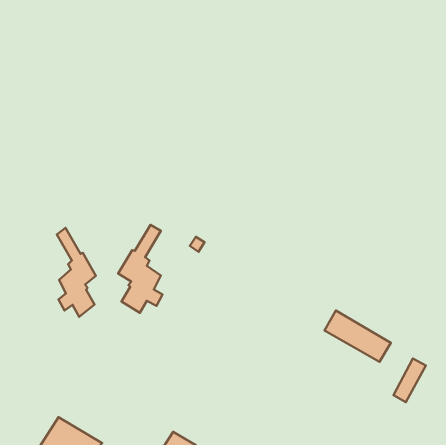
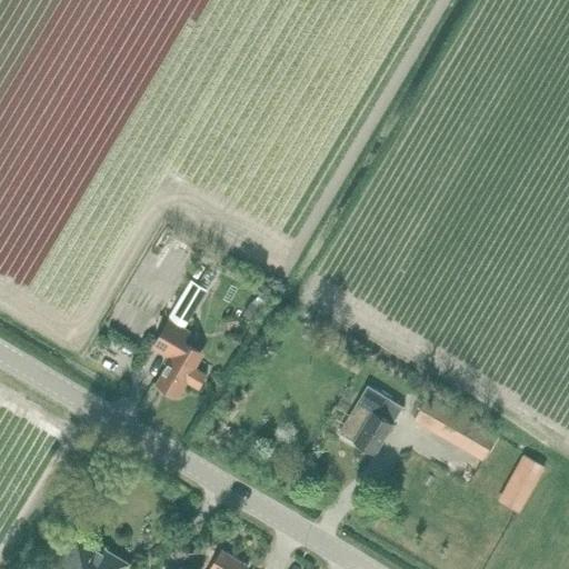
building: [57,228,96,317] -> none
building: none -> [339,387,402,457]

